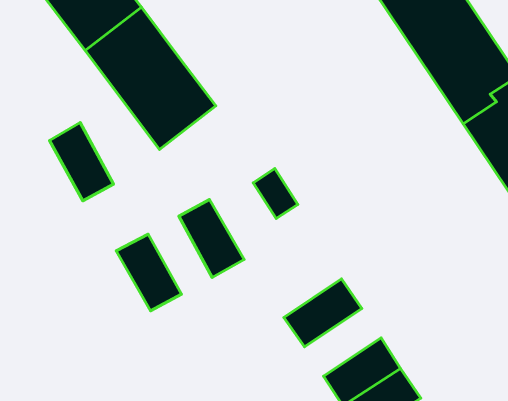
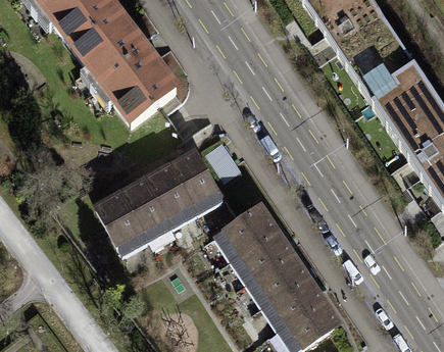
building: [49,122,113,201] -> [122,177,174,239]
building: none -> [171,149,224,211]
building: none -> [215,203,277,257]
building: none -> [247,250,308,304]

